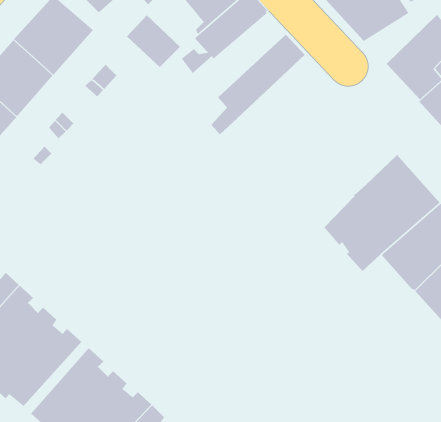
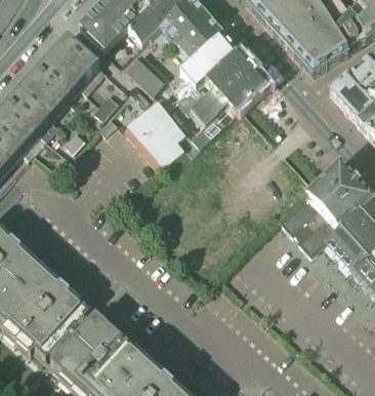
building: none -> [178,47,252,114]
building: none -> [124,97,200,168]

